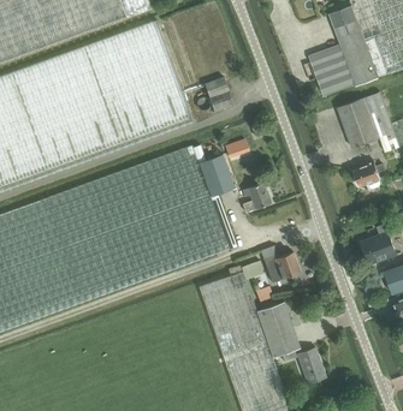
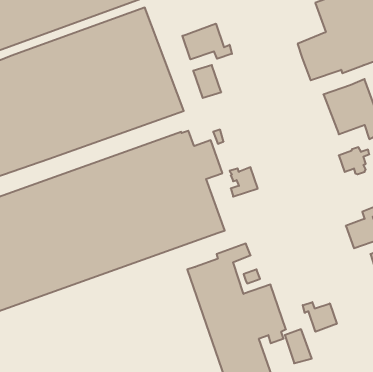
building: none -> [182,24,232,59]
building: [260,246,300,282] -> none
building: none -> [303,302,337,332]

